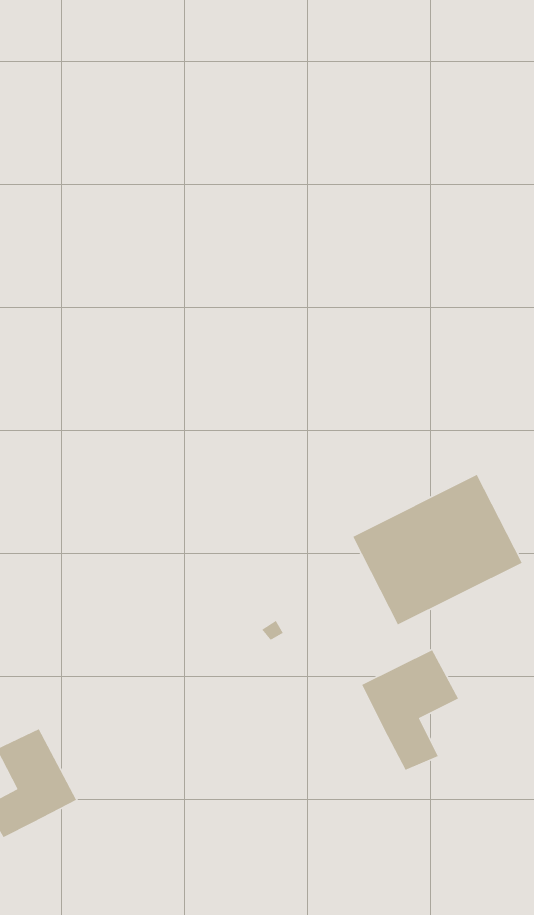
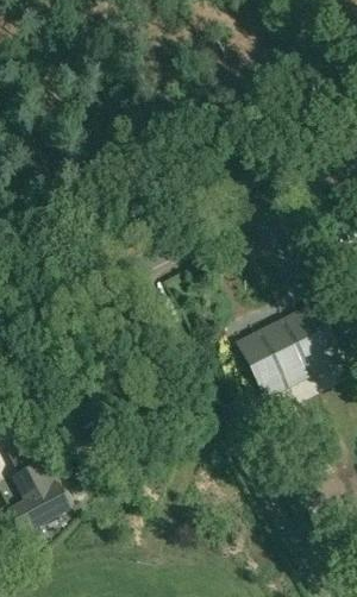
building: [361,649,459,771] -> none

